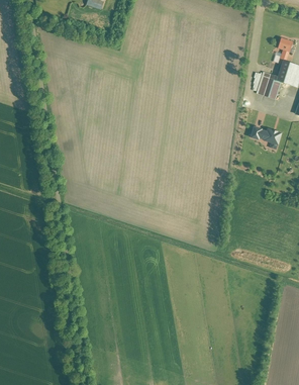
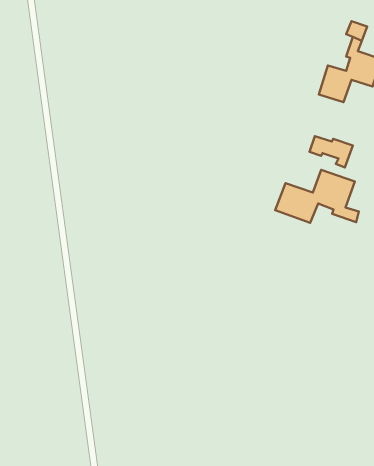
building: none -> [275,170,359,223]

